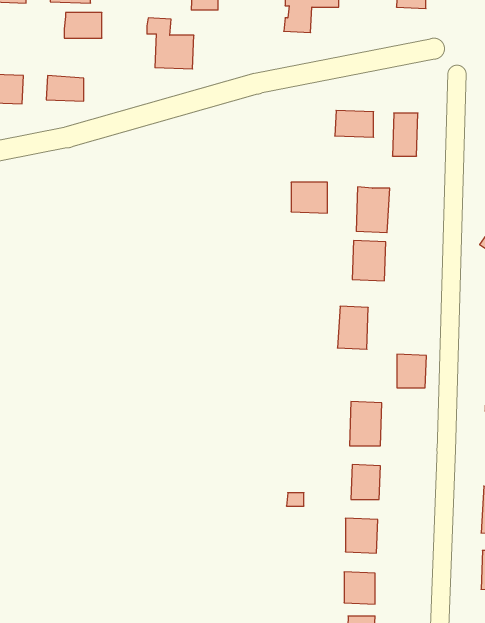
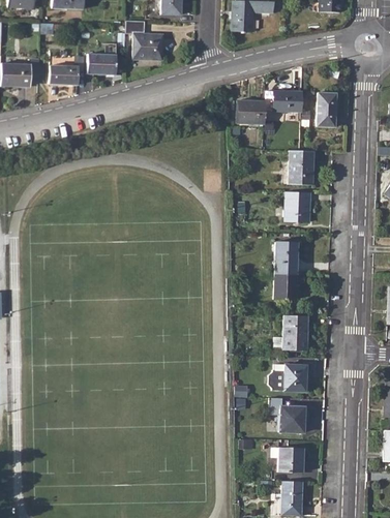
building: [64,13,102,38] -> [88,54,117,73]
building: [291,182,327,213] -> [237,100,265,124]
building: [397,354,426,388] -> [274,274,297,300]

